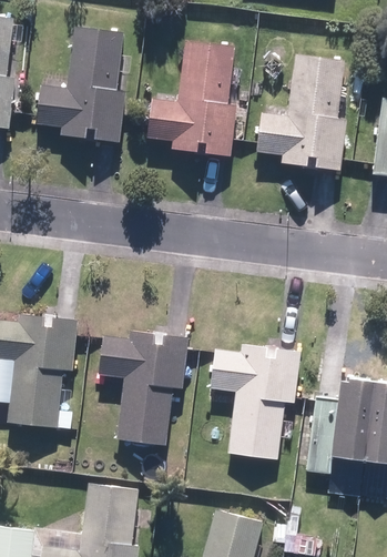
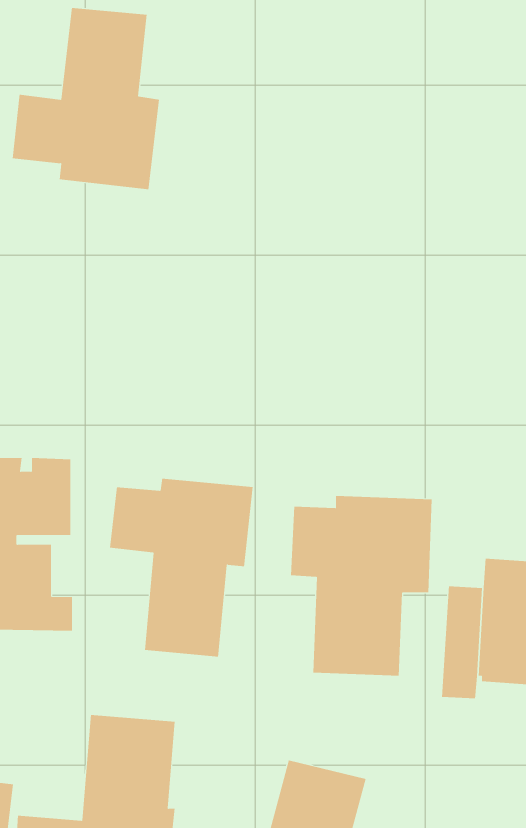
building: [146,41,240,154] -> none
building: [256,58,345,170] -> none

